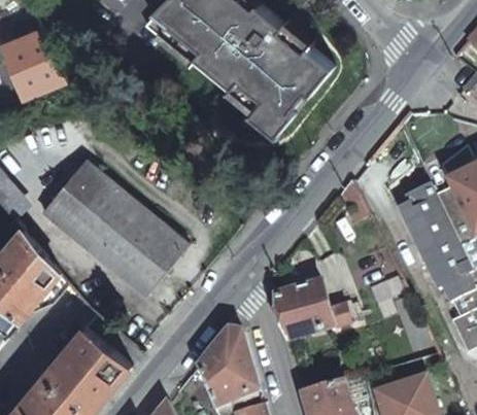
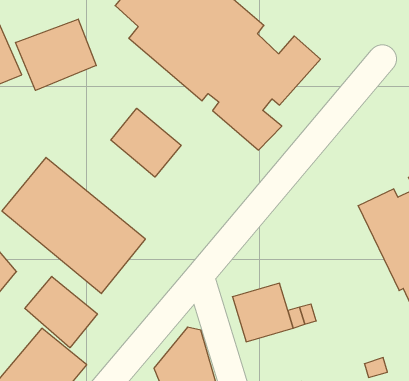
building: none -> [16,19,96,90]
building: none -> [111,108,181,177]
building: none -> [25,276,97,348]

